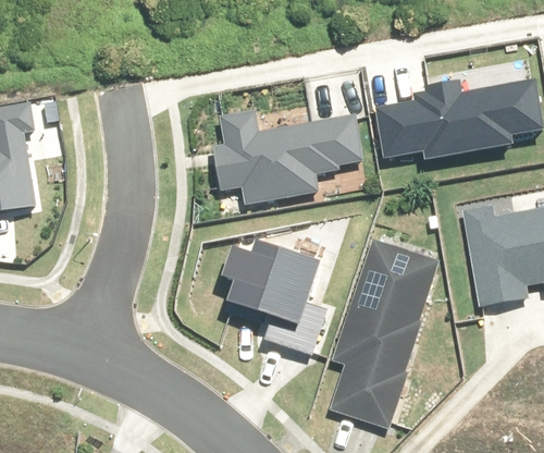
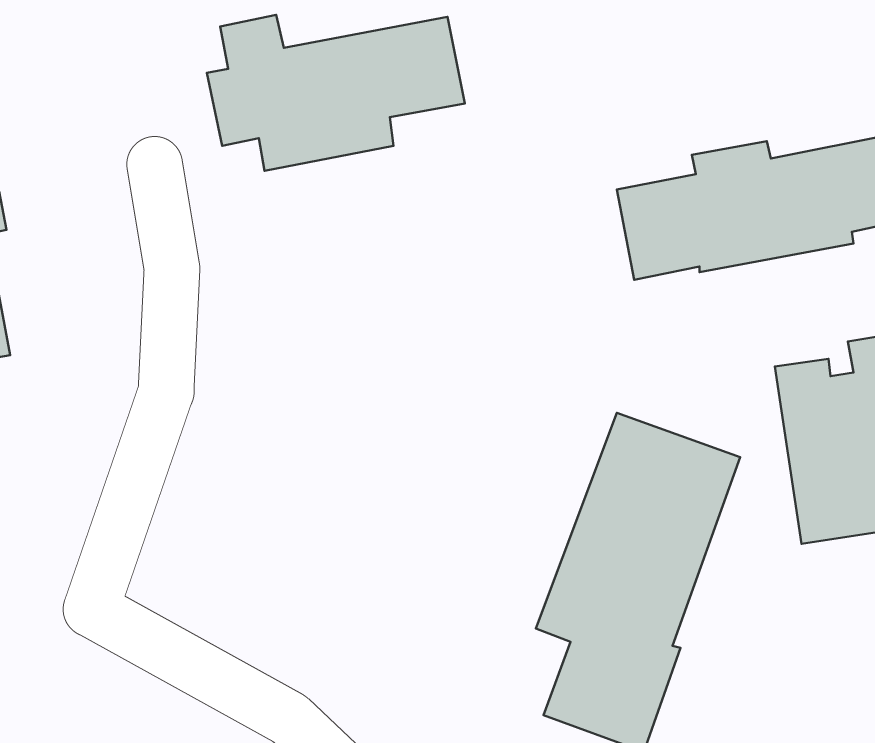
building: [213,113,359,201] -> [207,15,465,171]
building: [226,246,324,353] -> none

